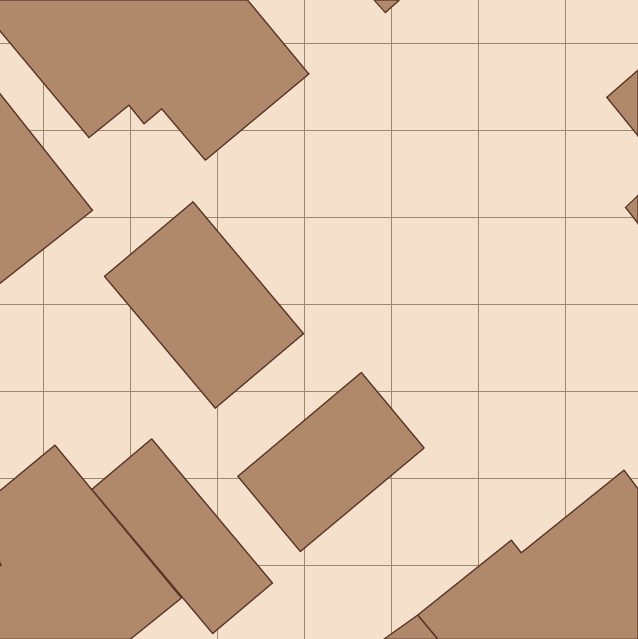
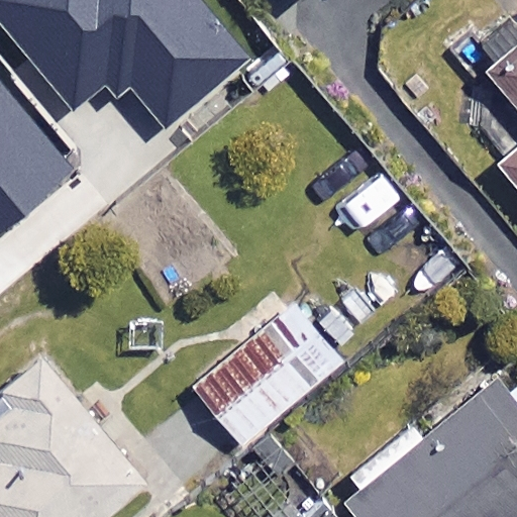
building: [105,202,304,408] -> none
building: [92,439,272,634] -> none

